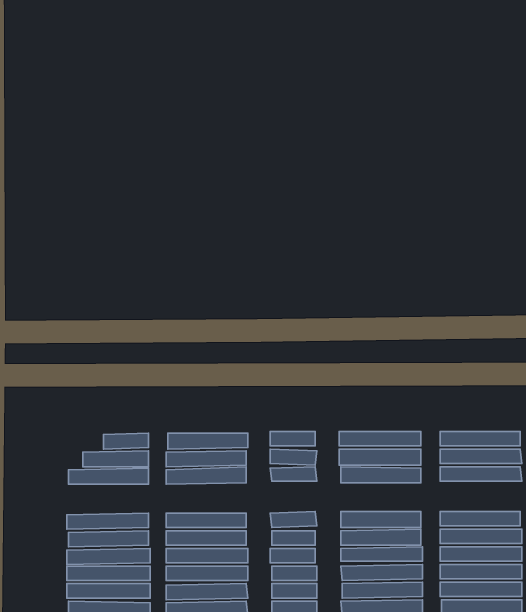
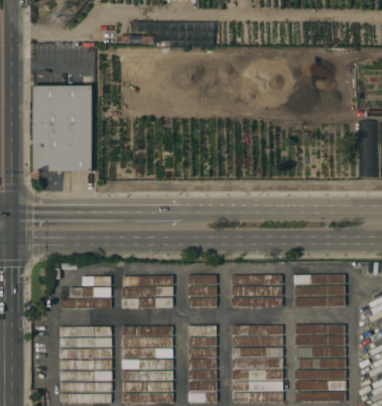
building: none -> [33,86,92,171]

